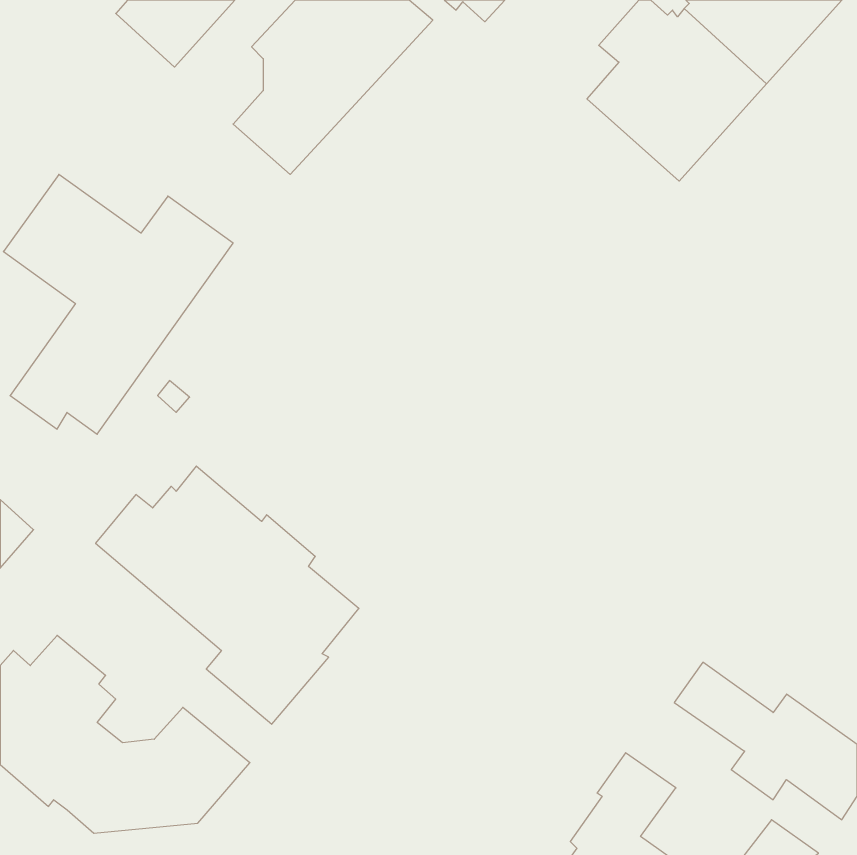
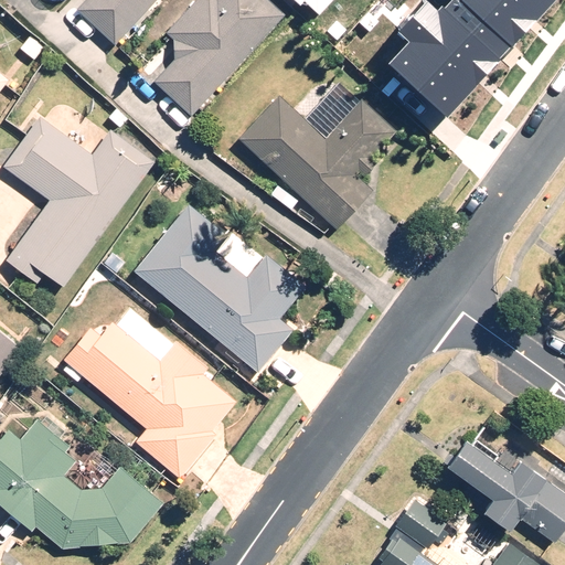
building: none -> [238,96,396,230]
building: none -> [134,205,307,373]

